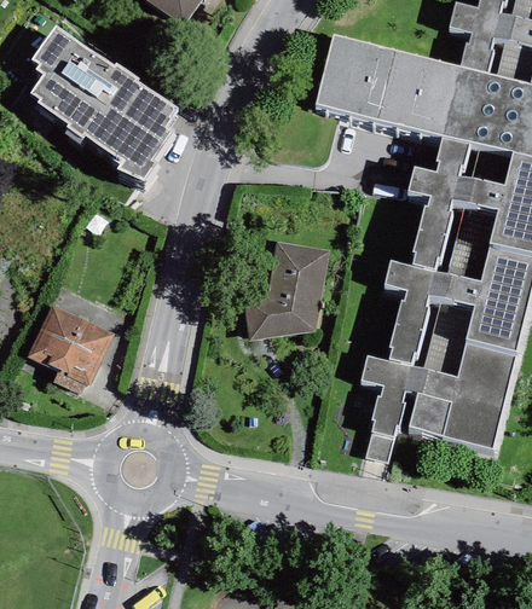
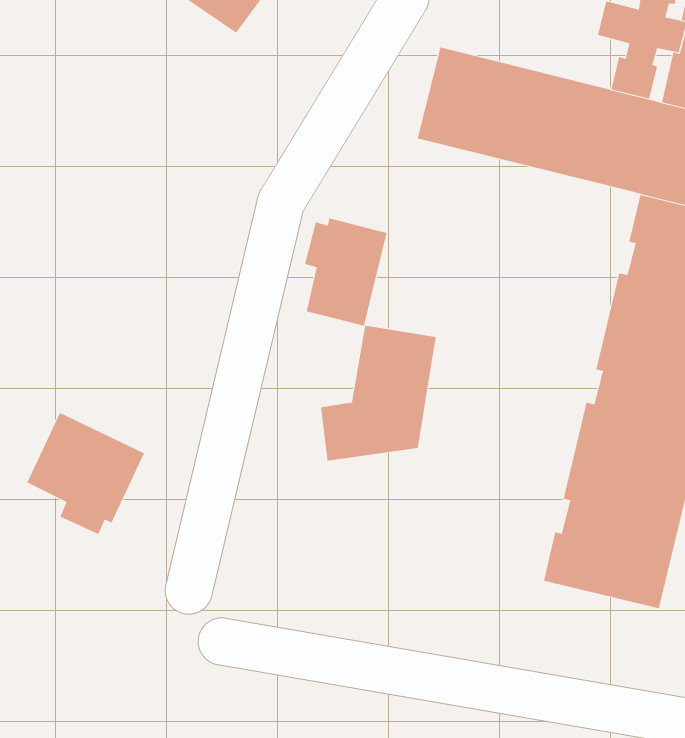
building: [30,25,179,182] -> none
building: [362,134,476,463] -> none
building: none -> [304,218,387,327]

